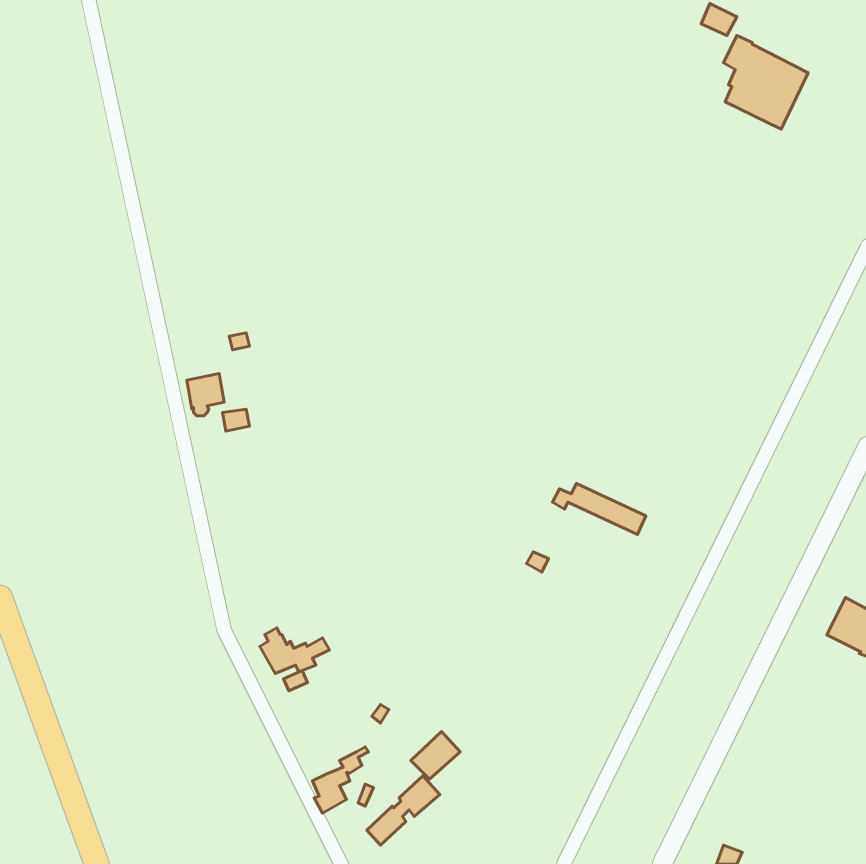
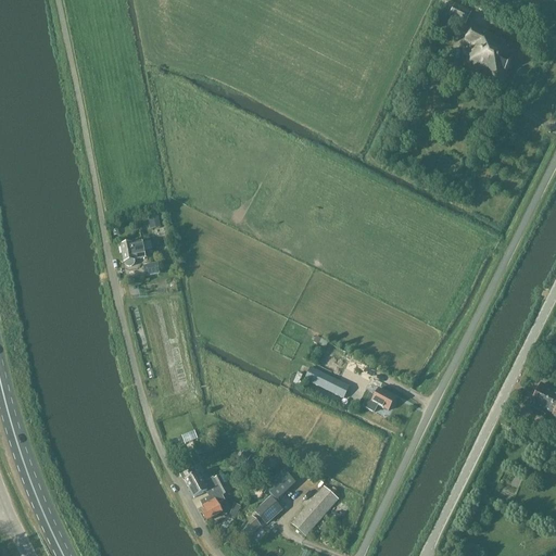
building: [553,484,646,535] -> [294,368,354,401]
building: none -> [364,388,395,412]
building: [260,628,329,674] -> [185,467,229,496]
building: none -> [291,485,339,535]

